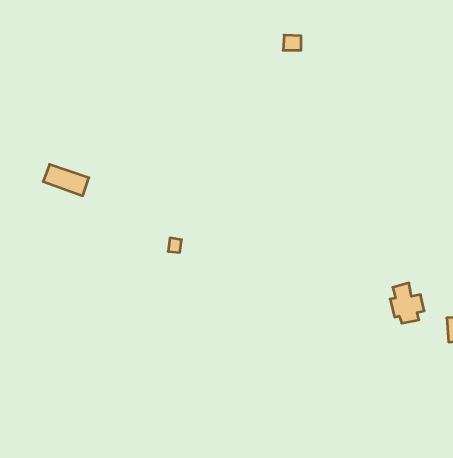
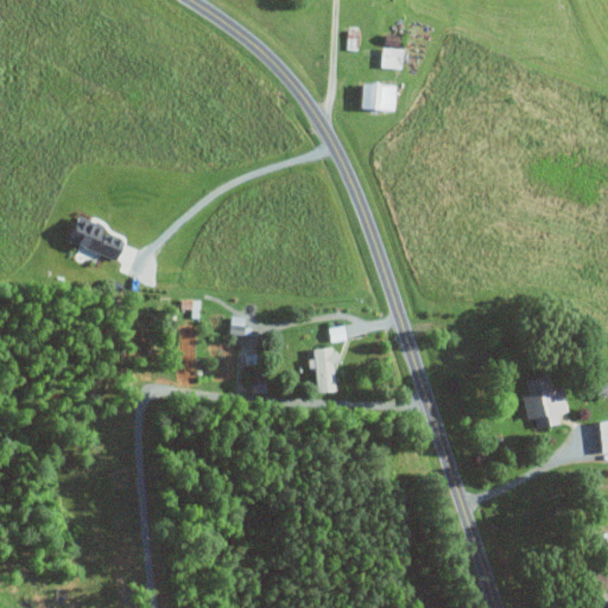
building: none -> [361,84,397,110]
building: none -> [312,348,340,393]

